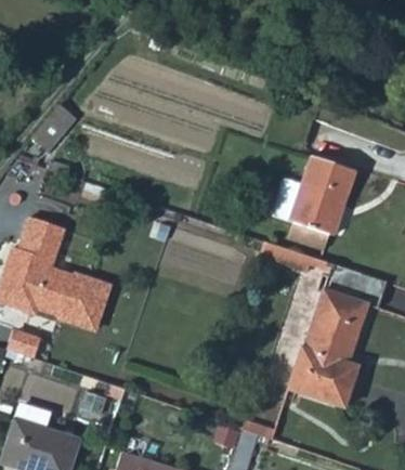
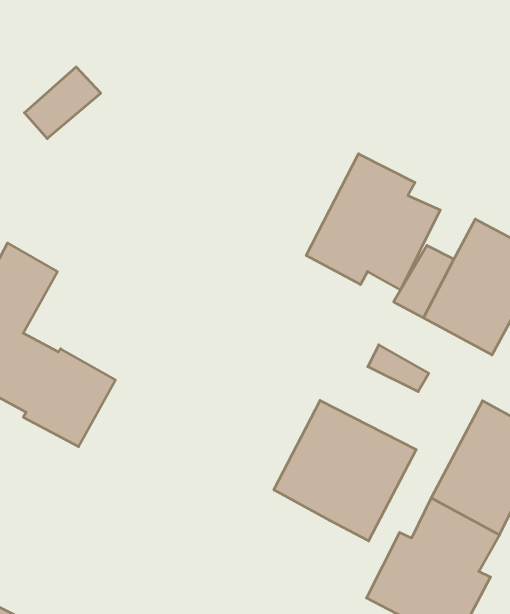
building: none -> [306,154,440,290]
building: none -> [274,400,416,541]

